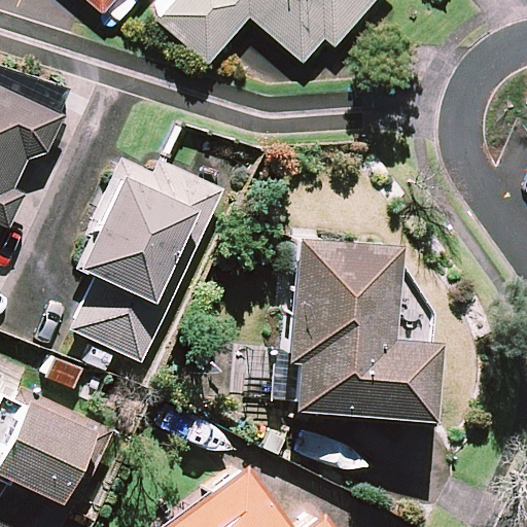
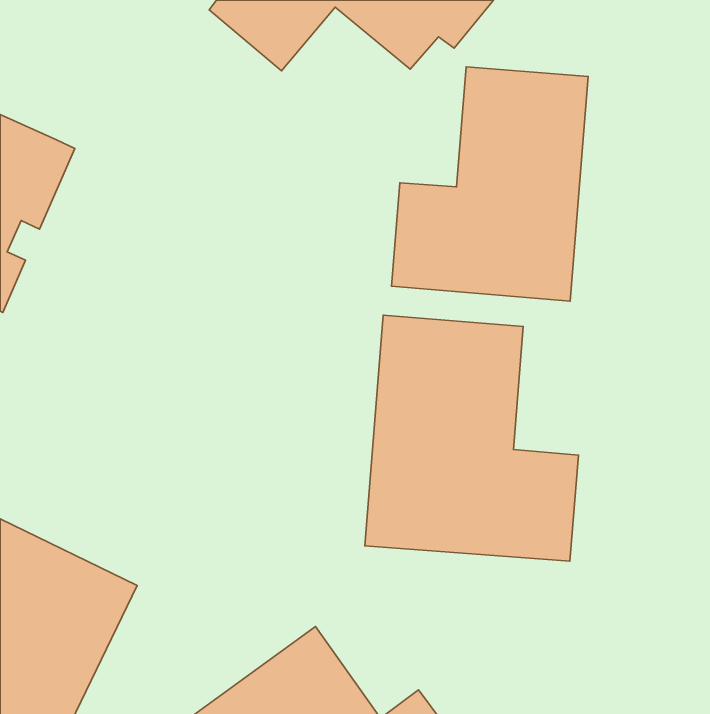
building: none -> [392,67,588,301]
building: [72,160,223,364] -> none

